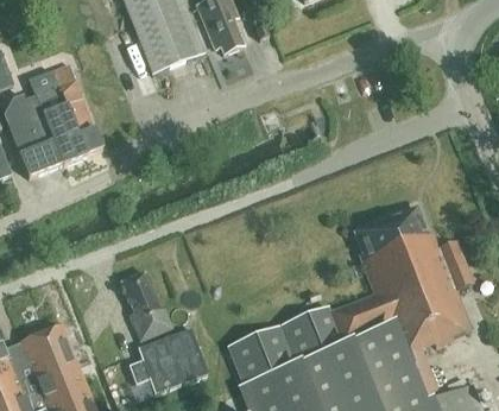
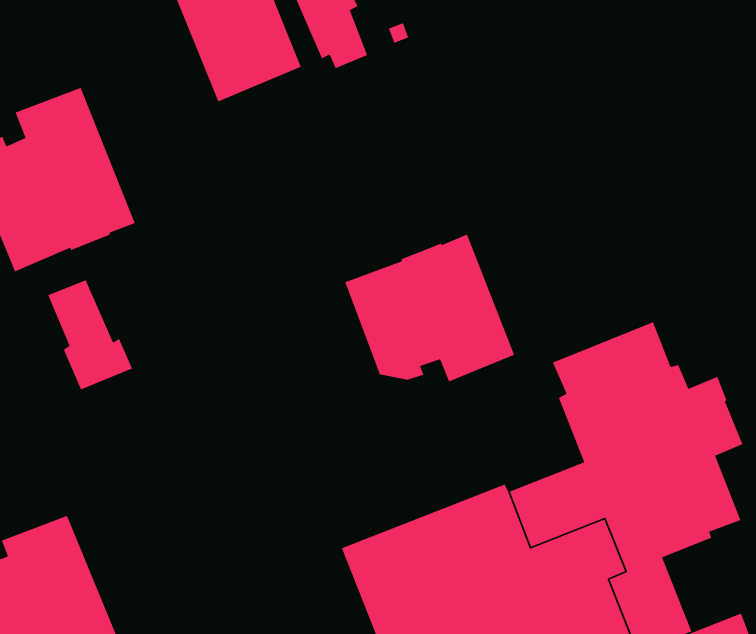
building: none -> [344,234,515,382]
building: [120,272,172,340] -> [47,279,133,390]
building: [127,328,208,393] -> none

